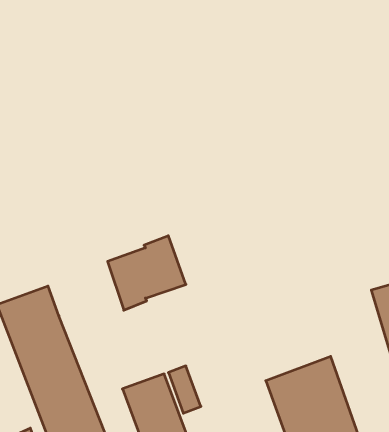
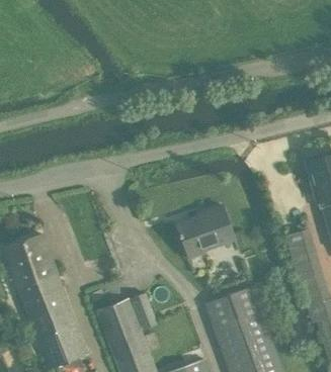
building: [108,236,186,310] -> [176,205,235,261]

